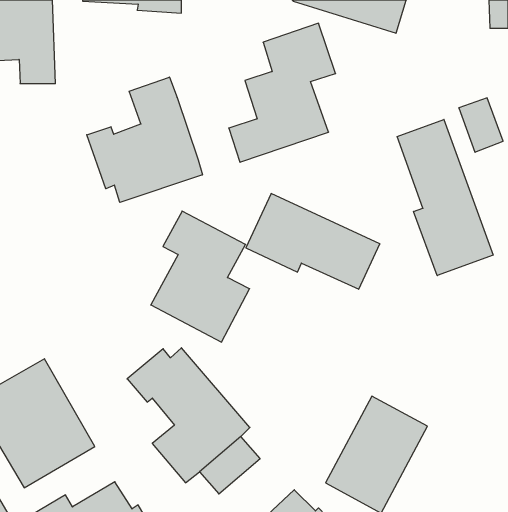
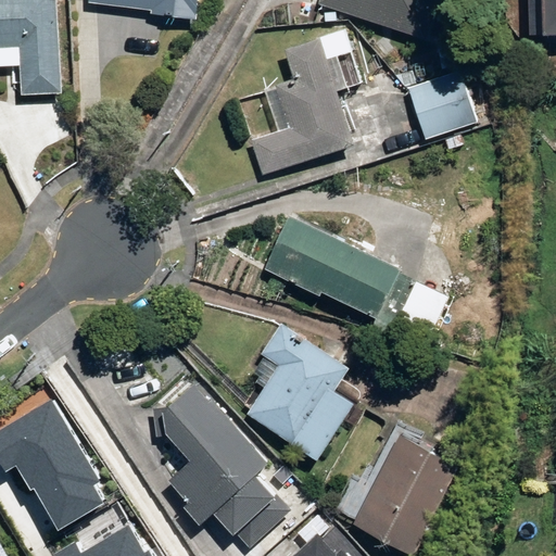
building: [87,77,202,202] -> none
building: [459,98,503,152] -> [406,80,454,139]
building: [397,119,493,276] -> none
building: [151,211,250,342] -> [249,318,355,459]

